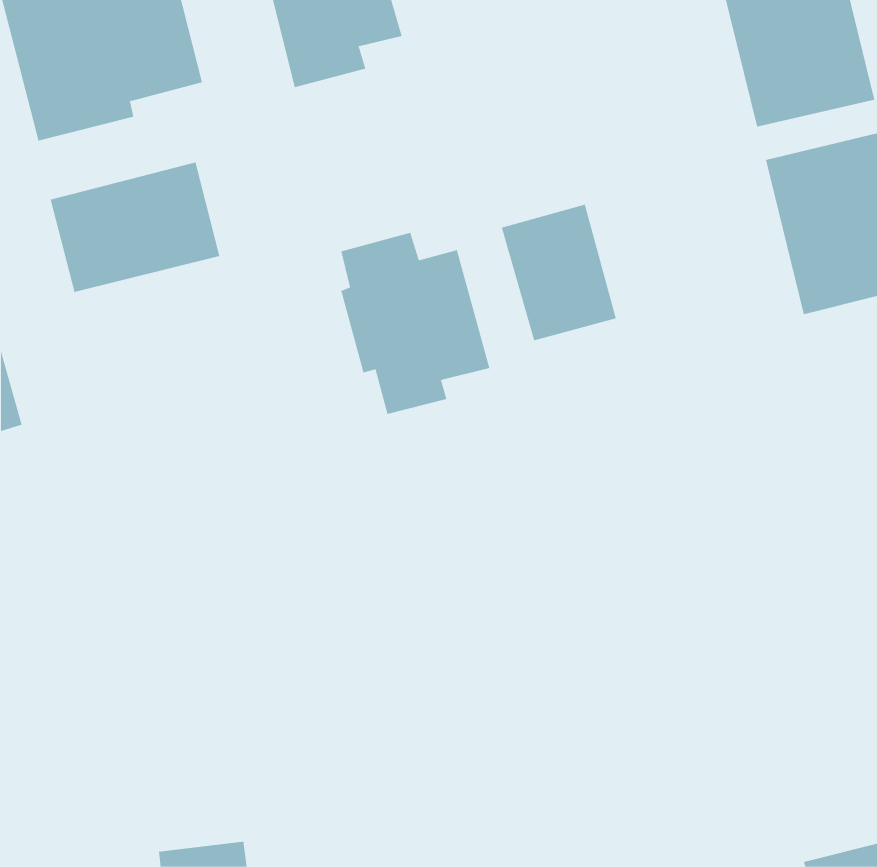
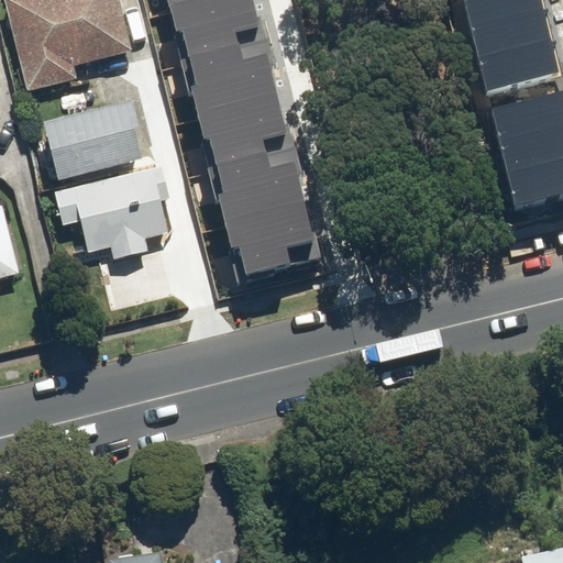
building: none -> [189,44,285,161]
building: [501,204,616,341] -> none
building: none -> [51,169,172,260]

